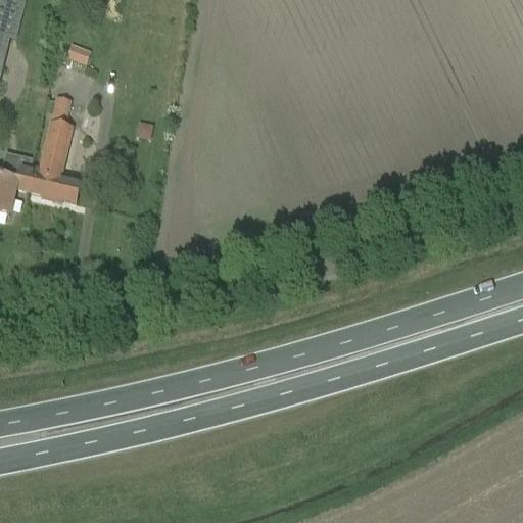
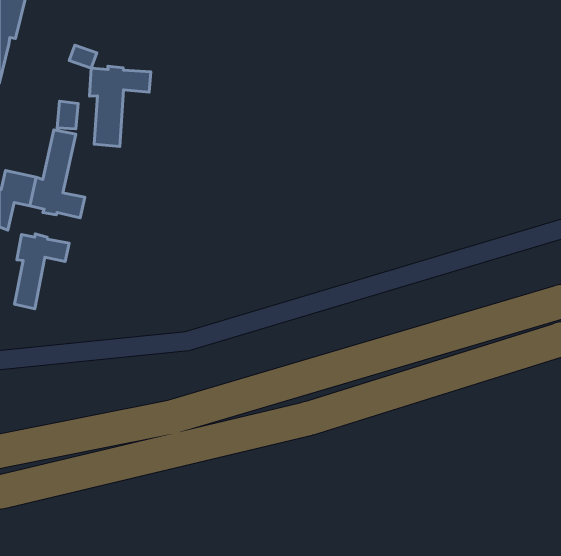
building: none -> [90,66,151,146]
building: none -> [15,234,69,309]

